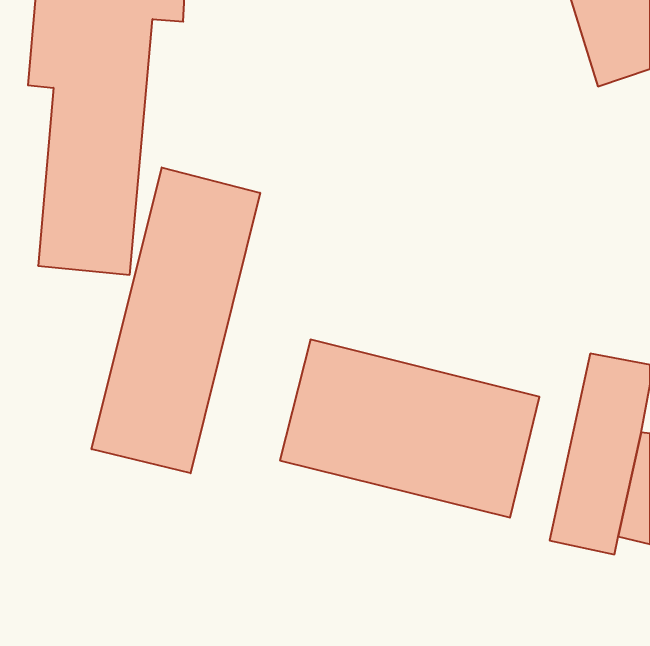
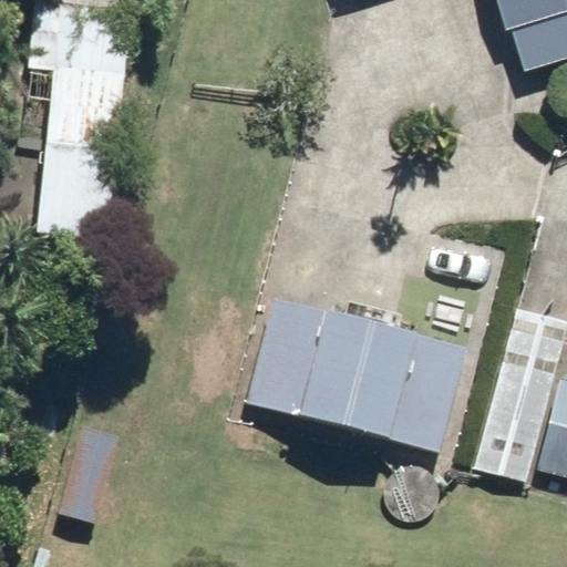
building: [92,167,260,473] -> none

